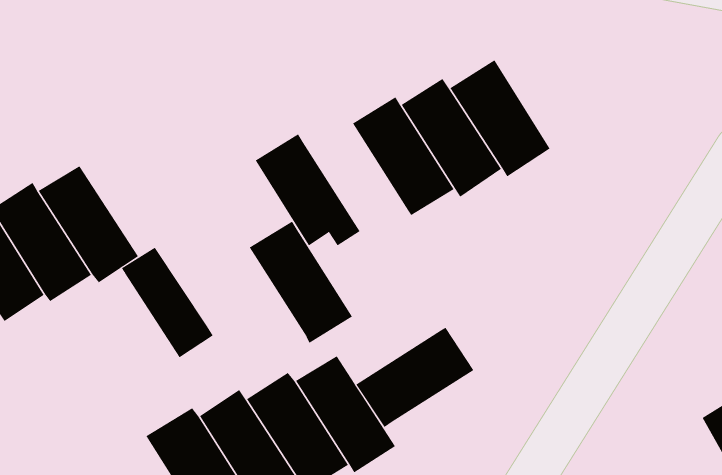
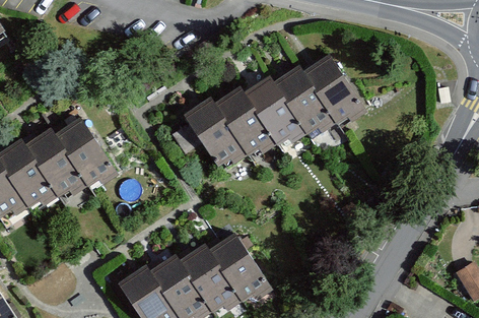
building: [249,221,353,343] -> [215,88,278,163]
building: [121,247,214,358] -> none
building: [356,327,474,428] -> none

